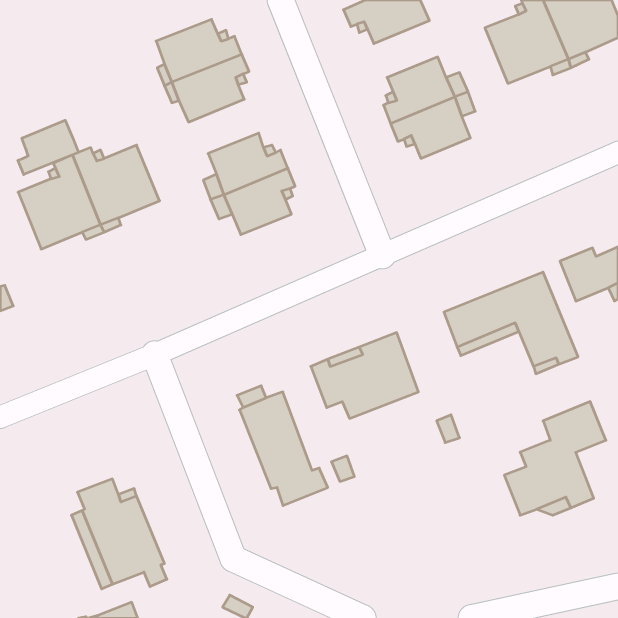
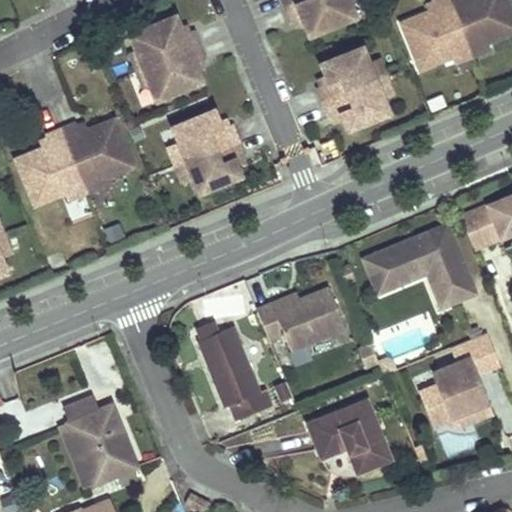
building: [18,120,79,175] -> none
building: none -> [308,401,390,473]

